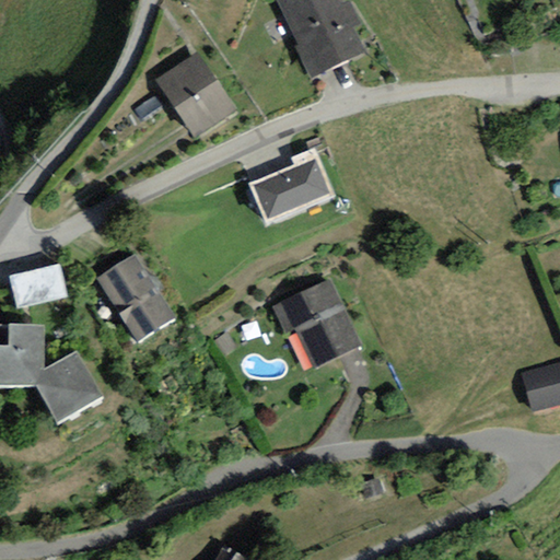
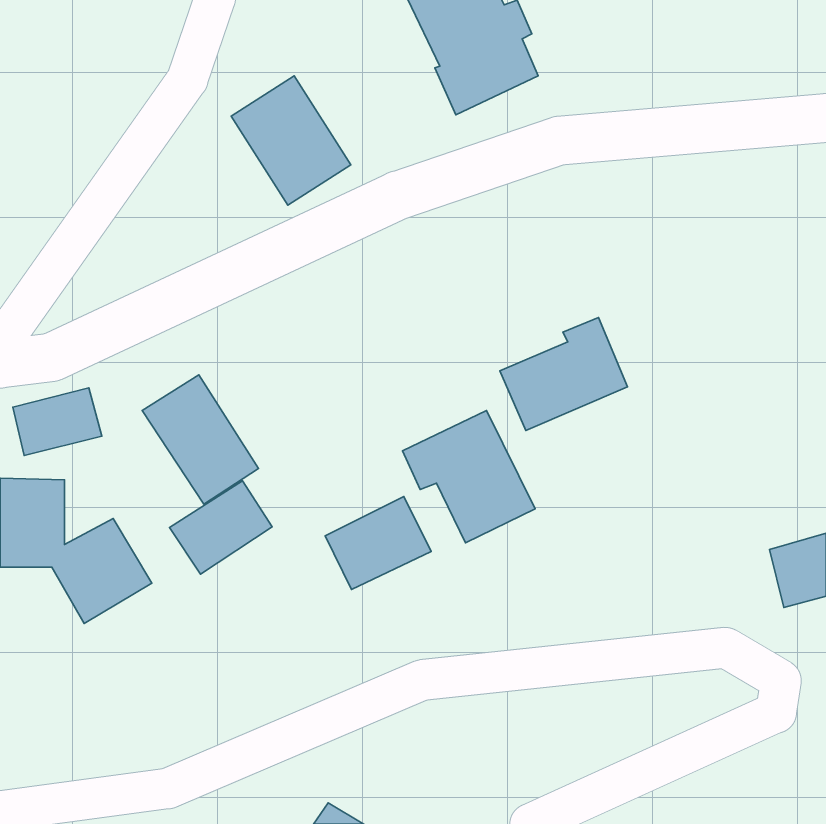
building: [248,148,335,224] -> [500,317,628,431]
building: none -> [170,481,272,574]
building: none -> [325,497,431,590]

